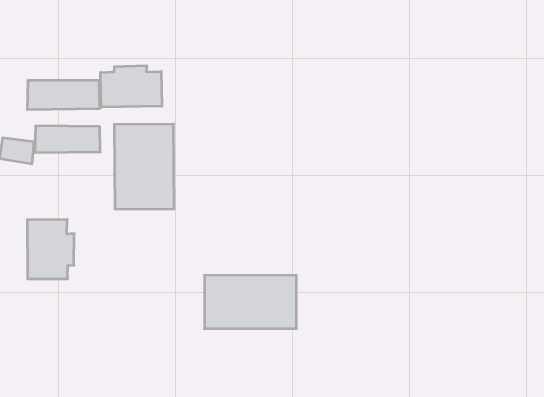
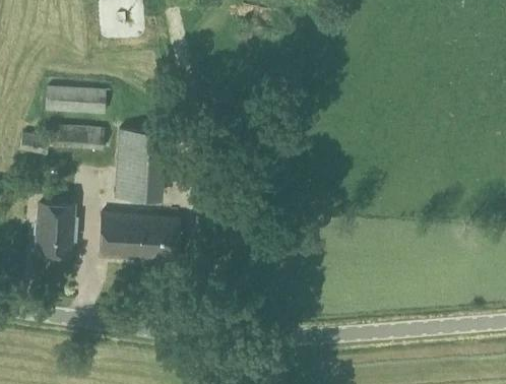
building: [101,66,162,107] -> none
building: [204,275,296,329] -> [99,211,179,261]

